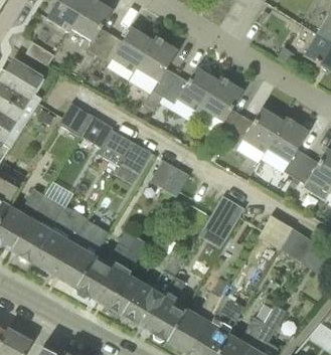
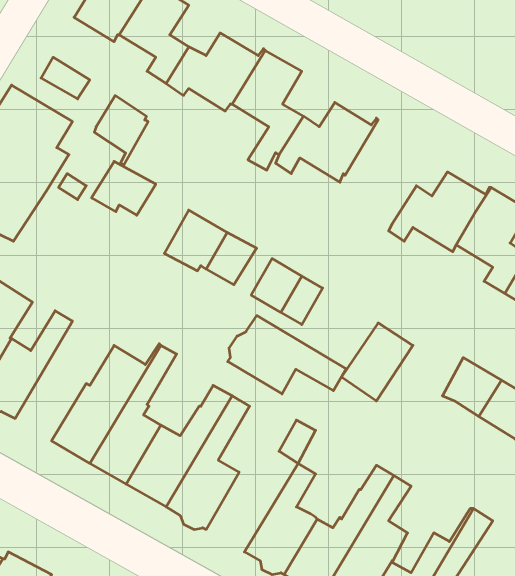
building: [202,77,243,138] -> none
building: [80,115,112,155] -> [94,96,148,165]
building: none -> [228,316,346,394]
building: [11,194,68,264] -> none
building: [122,282,164,328] -> none

